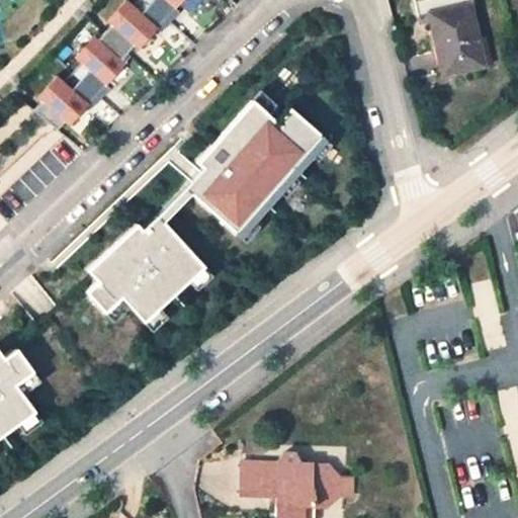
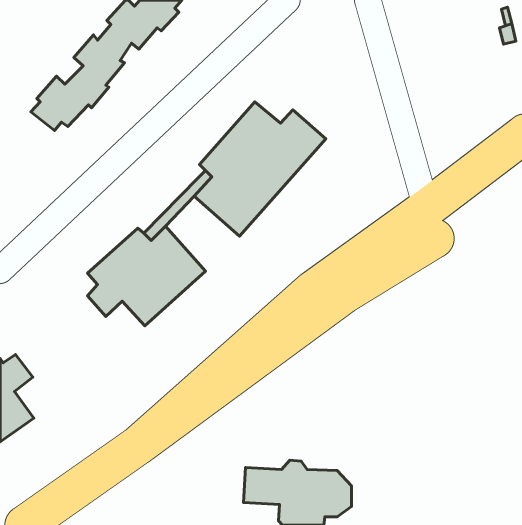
building: [435,6,486,73] -> none

